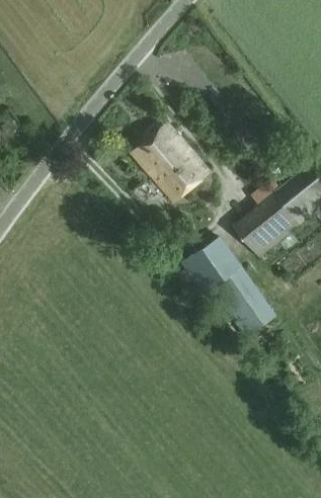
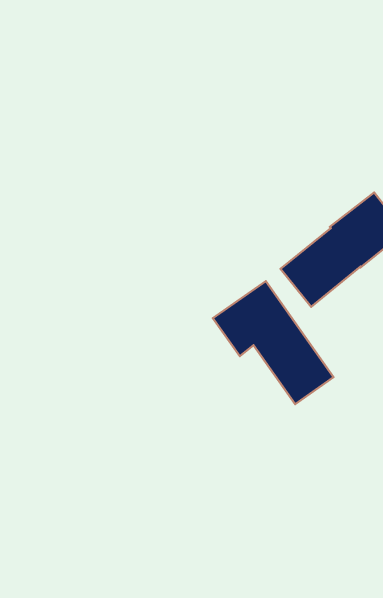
building: [134,123,207,199] -> none

